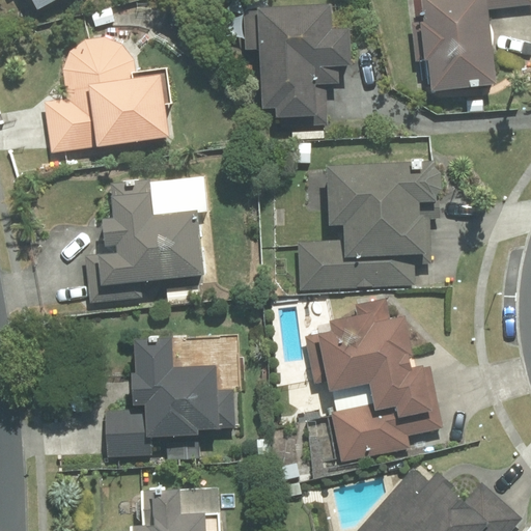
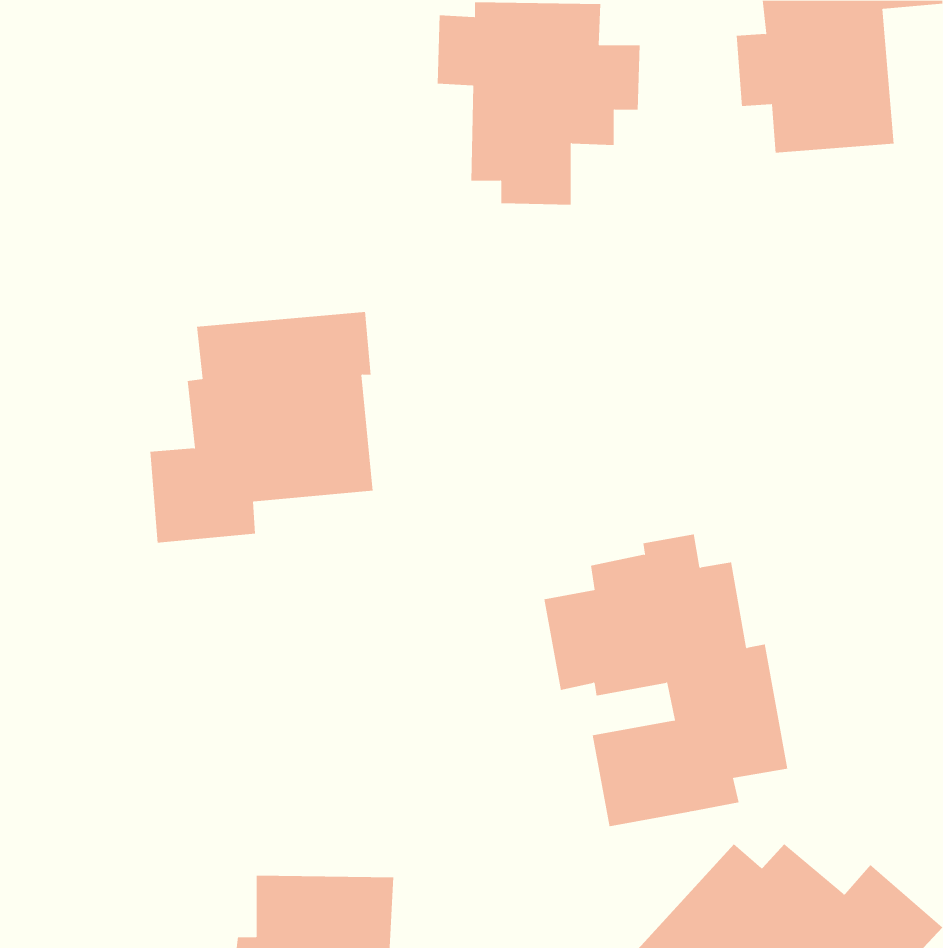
building: [37,38,171,155] -> none
building: [299,164,437,292] -> none
building: [104,335,219,456] -> none

